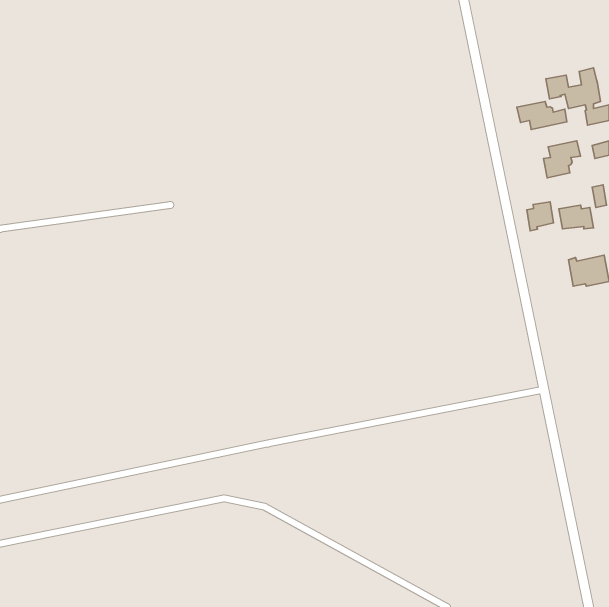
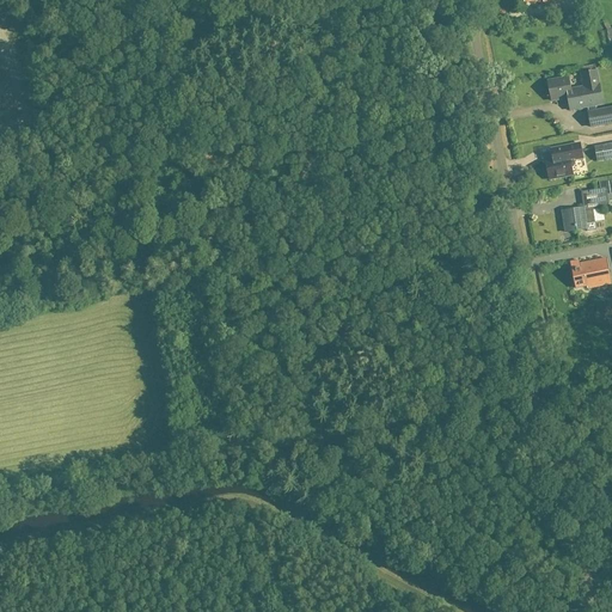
building: [517,101,567,129] -> none
building: [527,202,553,231] -> none

